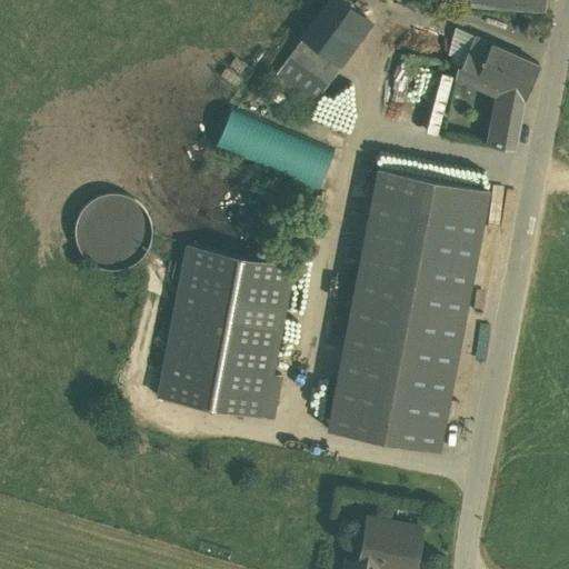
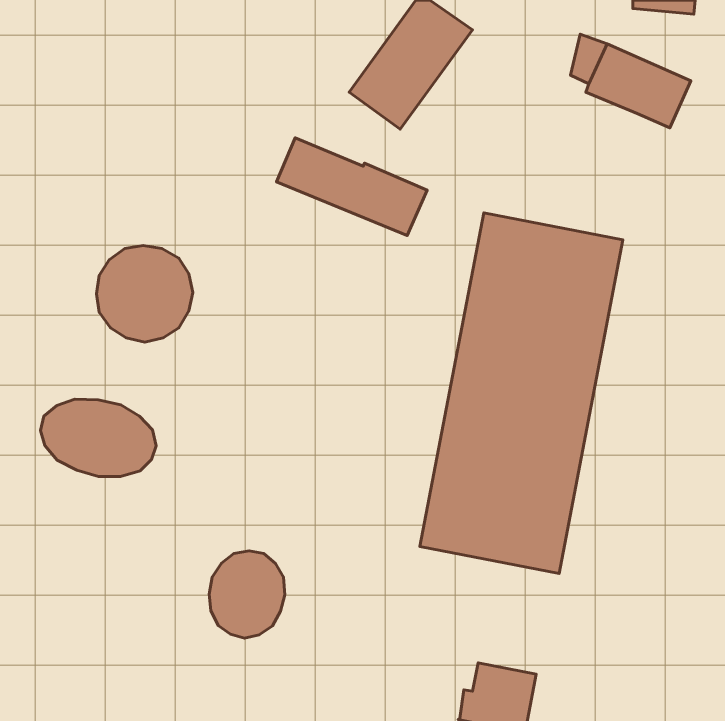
building: [489,92,525,151] -> none
building: [158,247,292,420] -> none
building: none -> [40,399,156,477]
building: none -> [209,551,285,638]

